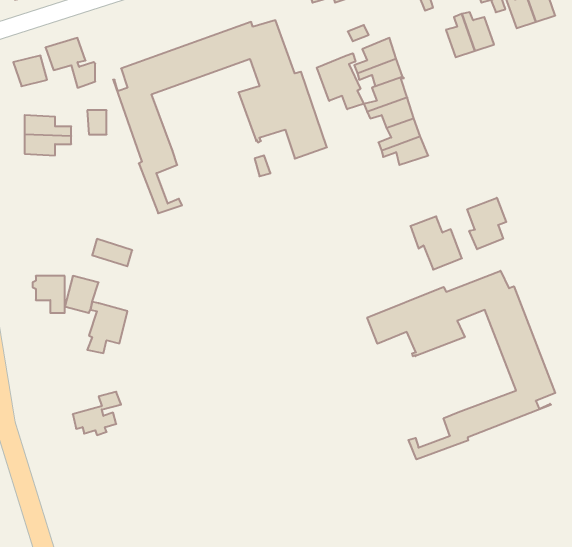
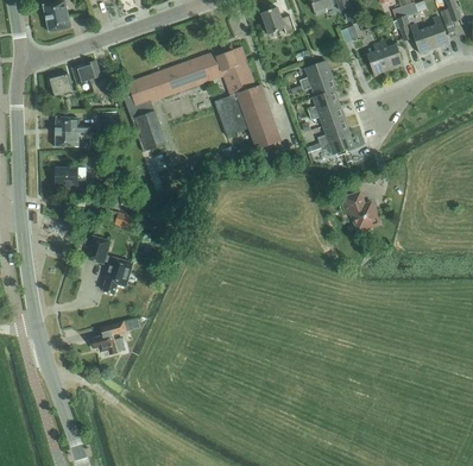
building: [317,53,364,109] -> none
building: [467,198,506,249] -> none
building: [367,271,555,459] -> none
building: [33,276,65,313] -> [53,166,77,194]

